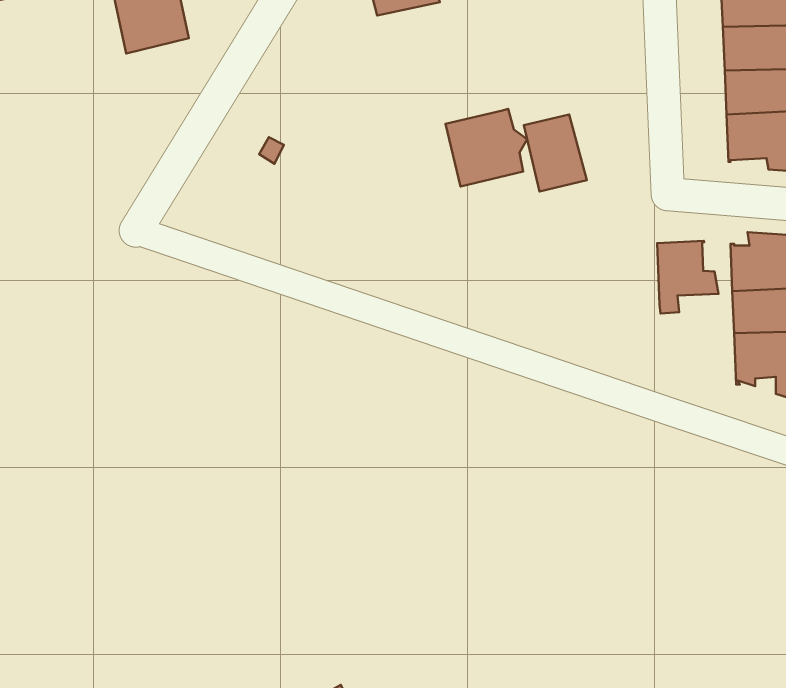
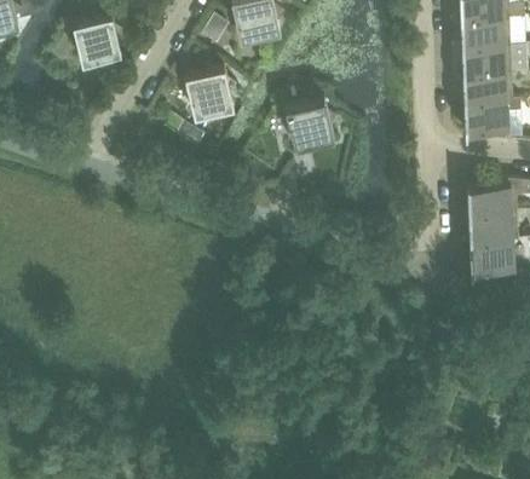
building: none -> [185,67,237,116]
building: [524,114,587,192] -> none
building: [657,241,719,314] -> none

